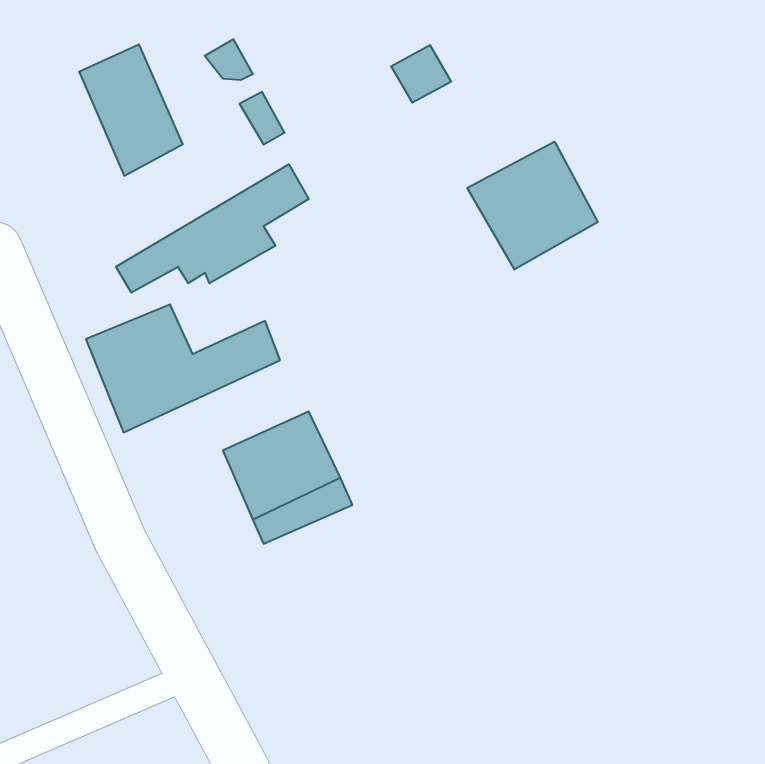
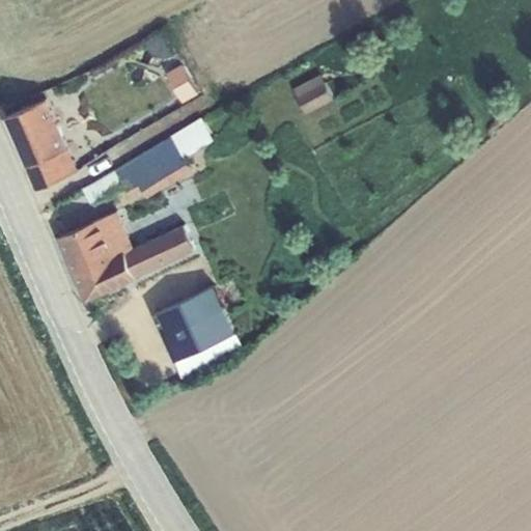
building: [79,45,183,176] -> [4,100,76,190]
building: [391,45,451,103] -> [291,76,333,115]
building: [467,142,598,270] -> none

